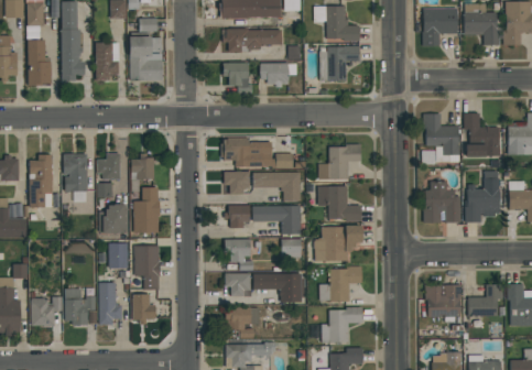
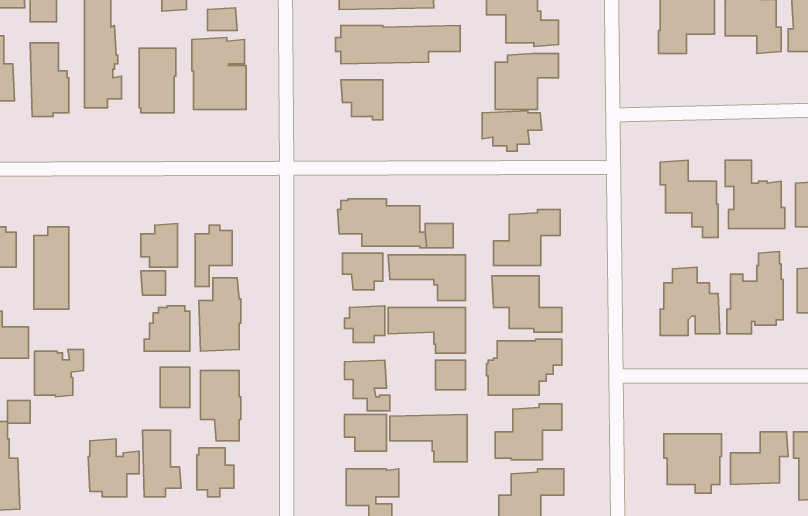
building: [260,63,297,88] -> [482,111,542,151]
building: [63,154,88,192] -> none
building: [31,297,62,327] -> [34,349,83,397]

